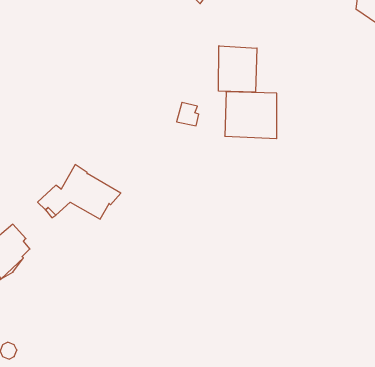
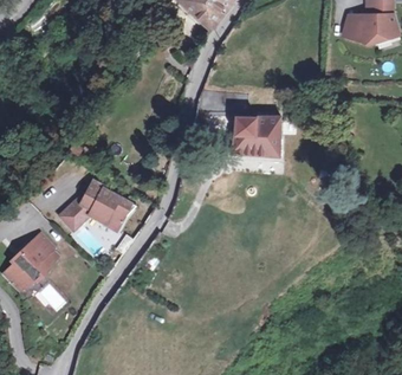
building: [219,46,257,92] -> none

